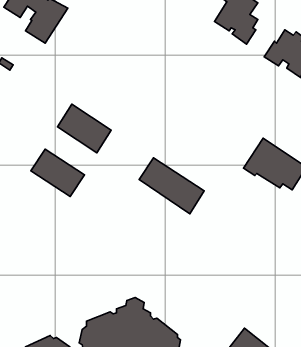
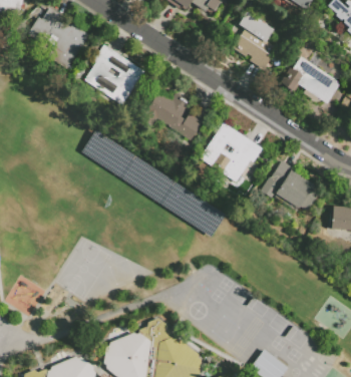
building: none -> [85,44,145,105]
building: none -> [144,91,203,140]
building: none -> [201,122,264,181]
building: [31,149,85,197] -> [119,154,171,201]

